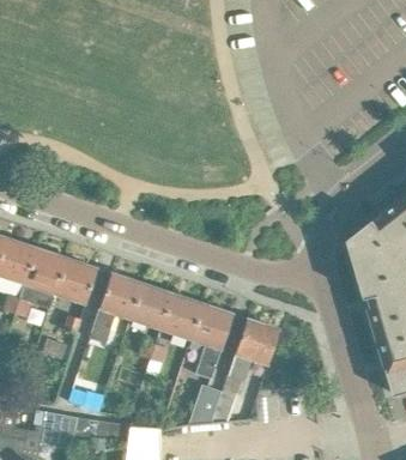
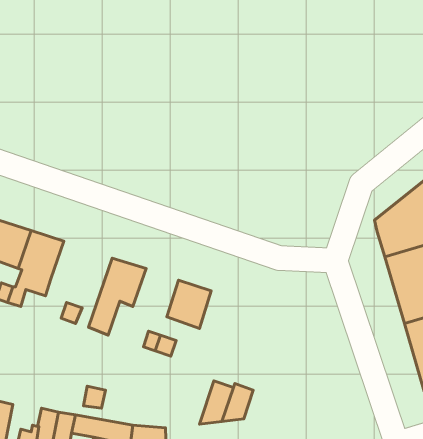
building: [53,258,96,303] -> none
building: [128,283,170,327] -> none
building: [189,303,231,379] -> none
building: [226,319,278,381] -> none

